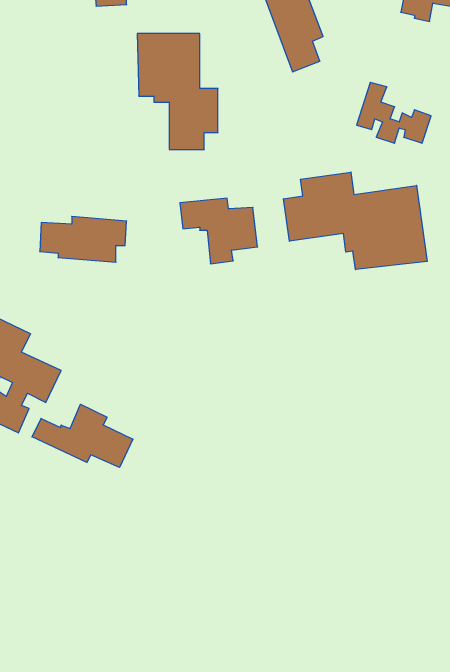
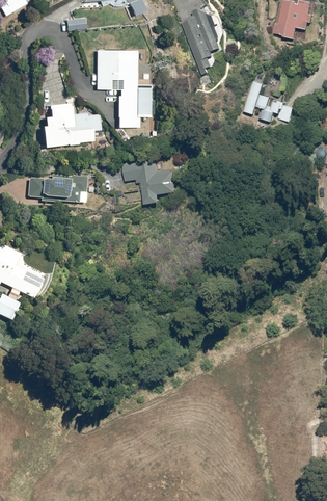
building: none -> [42,101,102,143]
building: [284,172,427,270] -> none
building: [32,404,133,467] -> none

